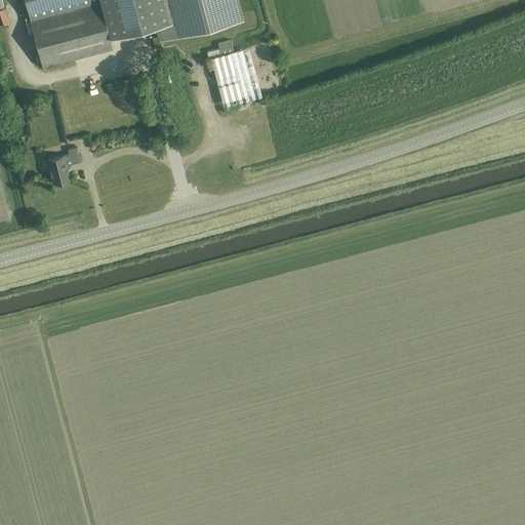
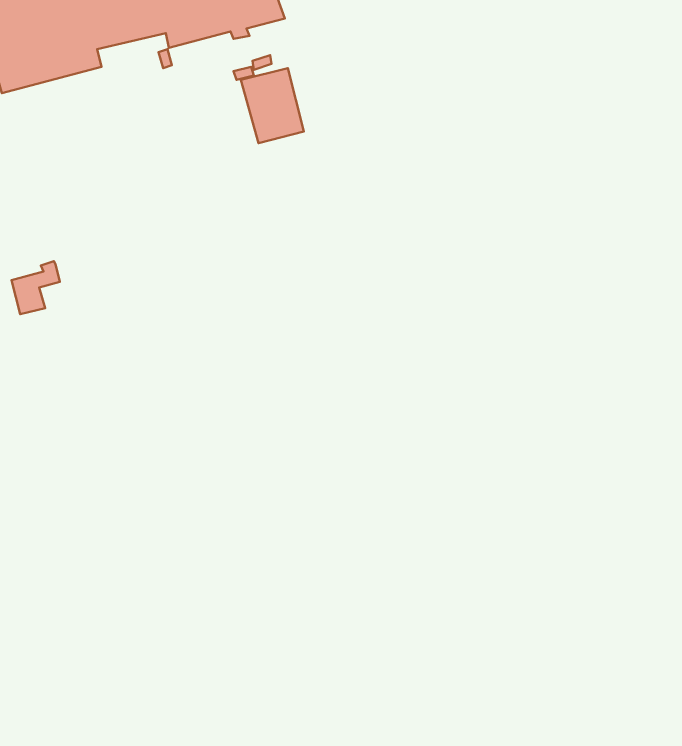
building: [47,147,81,184] -> [11,261,60,314]

